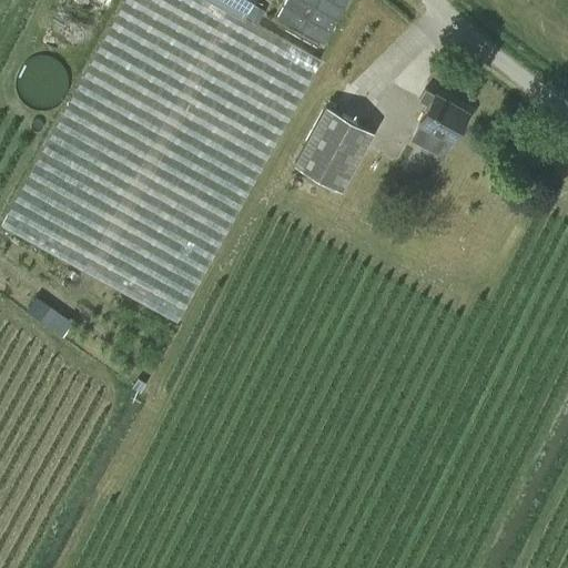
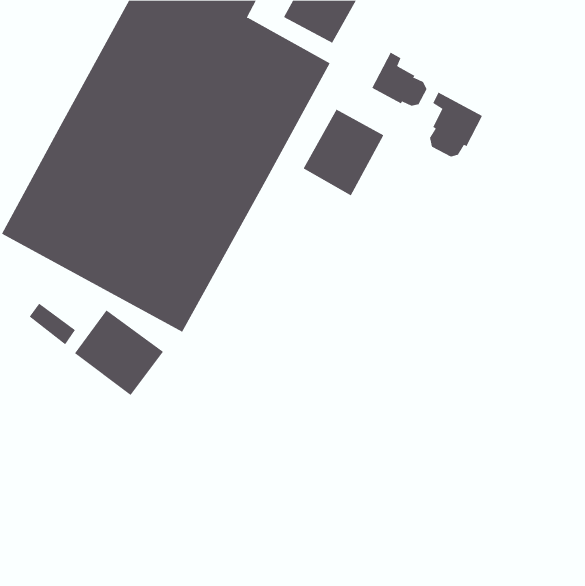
building: none -> [372,52,427,107]
building: none -> [74,309,164,396]

